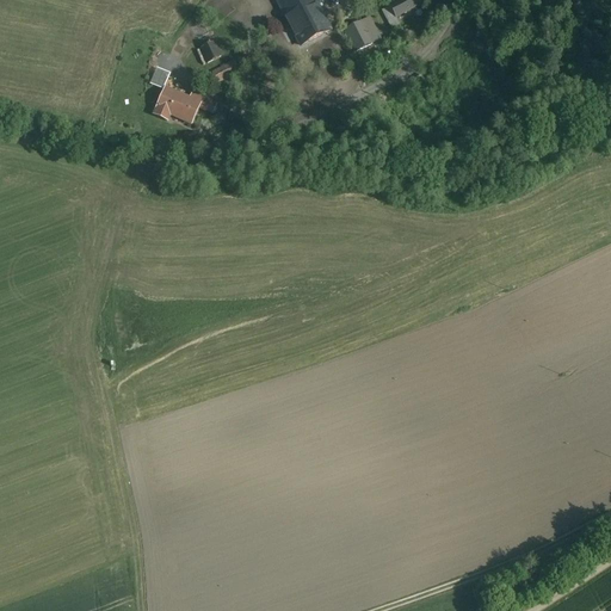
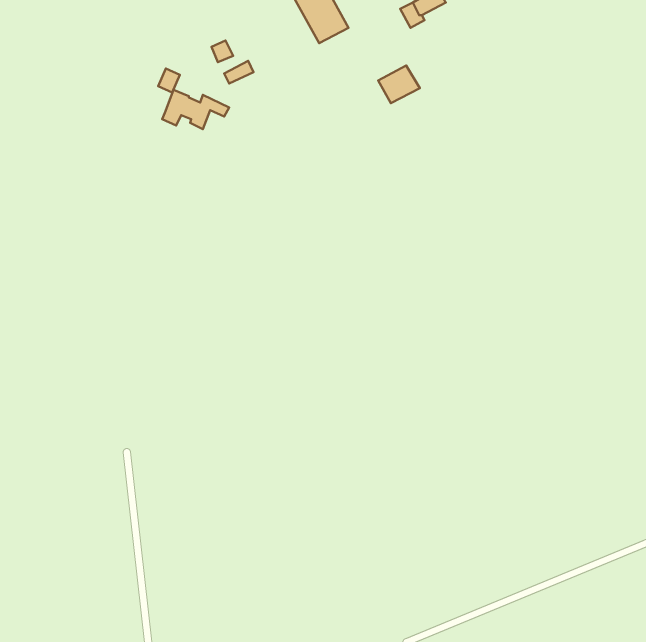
building: [342,13,382,49] -> [378,65,420,103]

